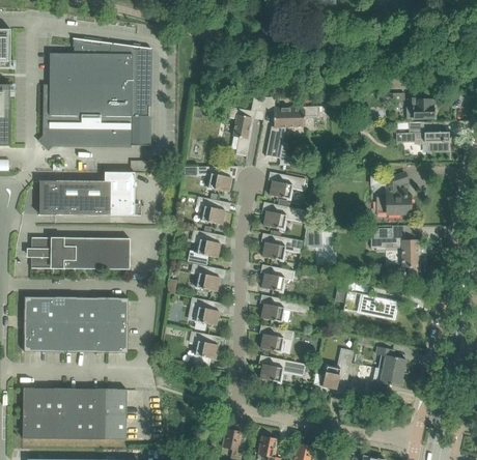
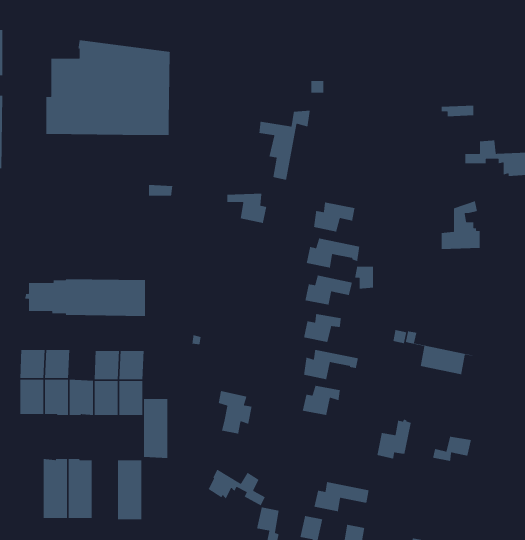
building: [406,98,434,118] -> none
building: [265,106,317,165] -> none
building: [41,117,150,147] -> none
building: [40,172,135,215] -> none
building: [197,196,225,225] -> none
building: [192,229,221,258] -> none
building: [370,237,421,281] -> none
building: [192,263,220,291] -> none
building: [65,296,87,322] -> none
building: [191,296,219,329] -> none
building: [376,346,406,372] -> none
building: [259,356,306,382] -> [314,481,369,512]
building: [23,387,44,438] -> none
building: [85,389,106,439] -> [143,398,168,459]
building: none -> [207,468,266,506]

